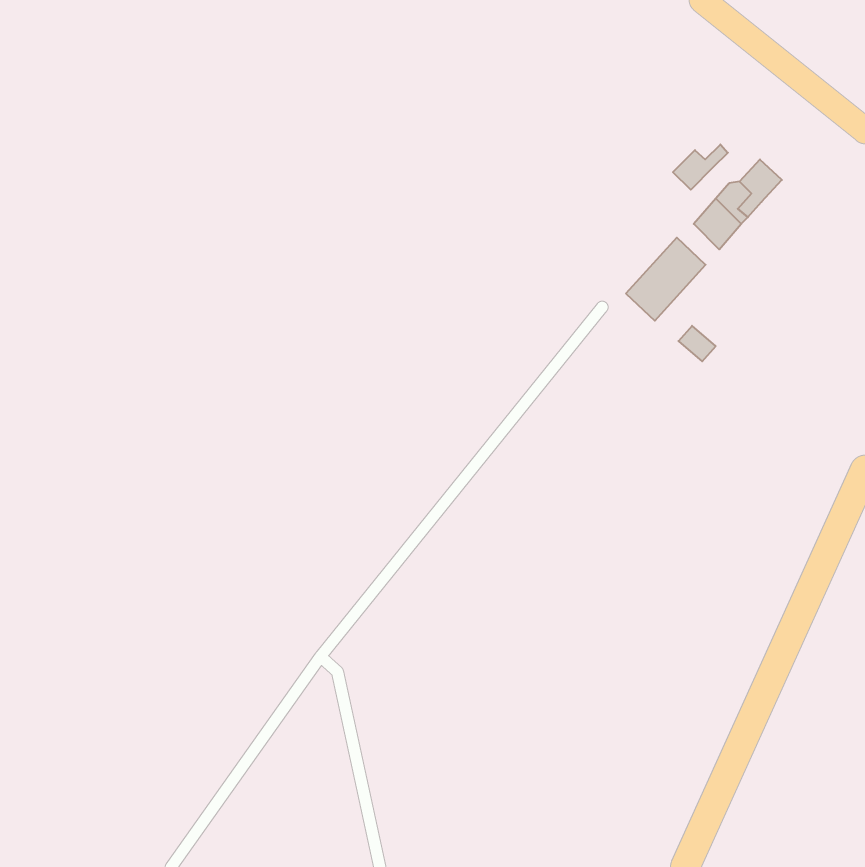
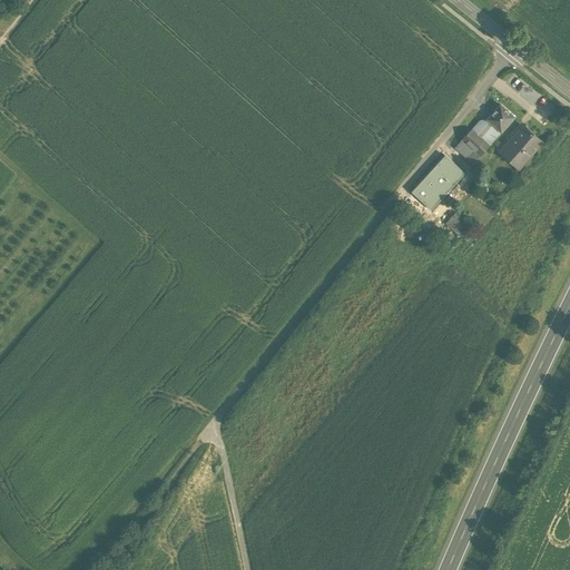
building: [673,144,728,190] -> none
building: none -> [502,127,540,166]

